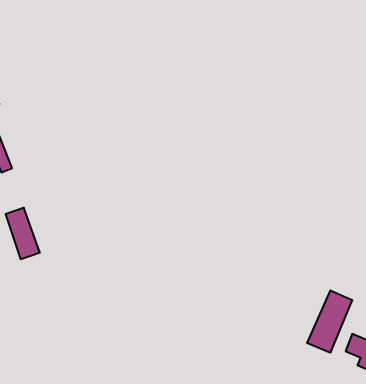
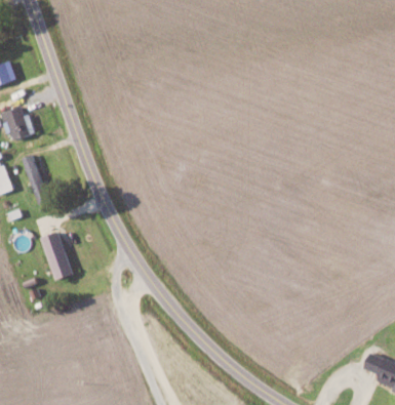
building: [307,290,352,353] -> none

